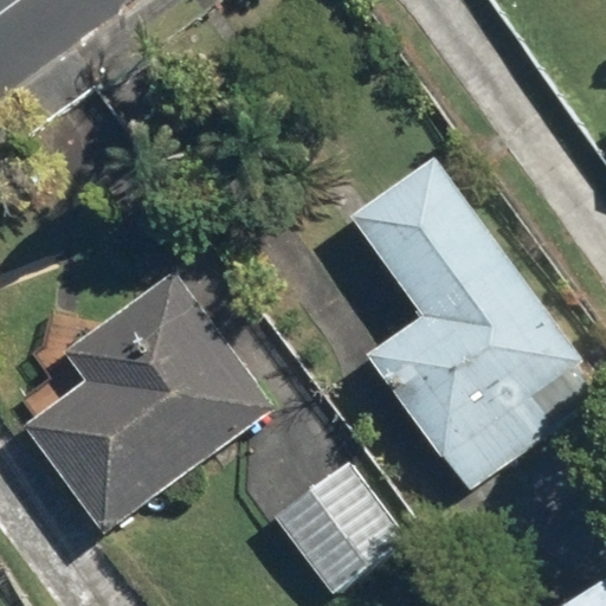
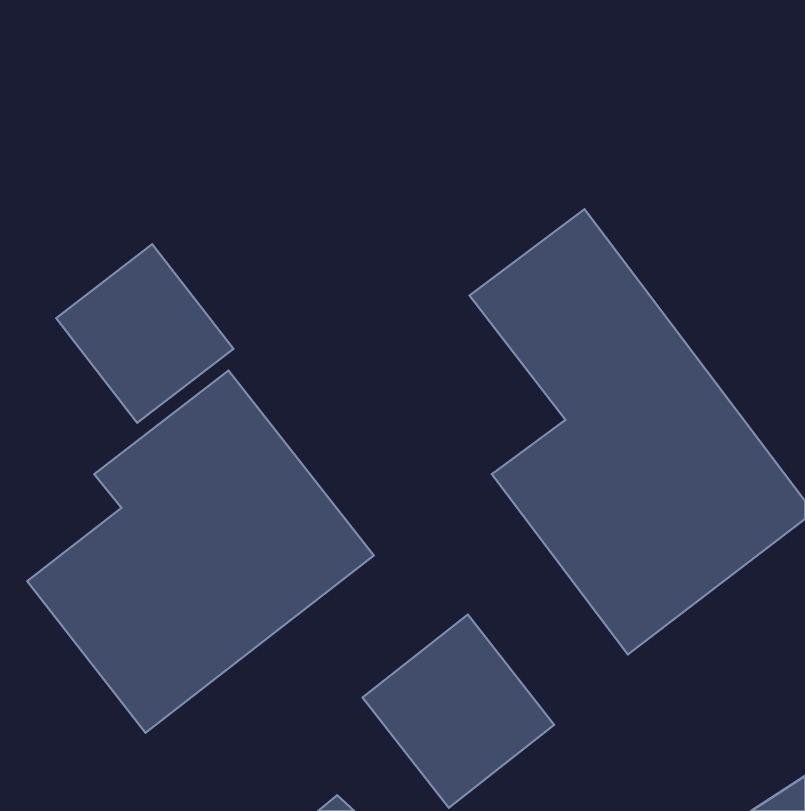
building: none -> [56,244,234,423]

